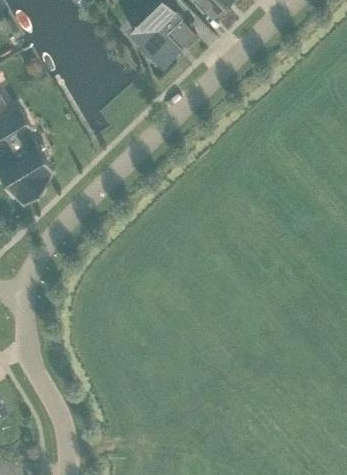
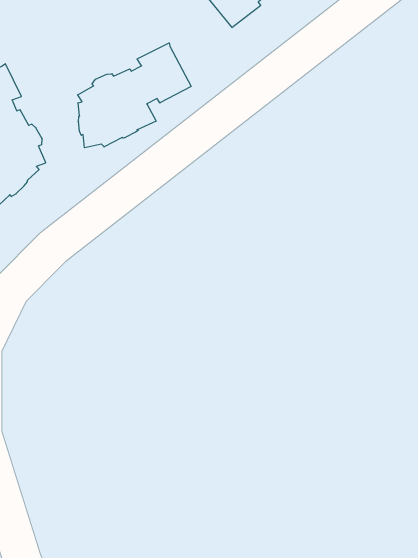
building: none -> [78,43,191,148]

